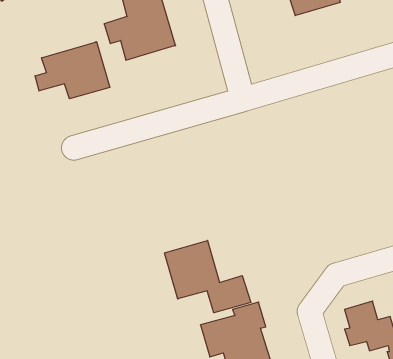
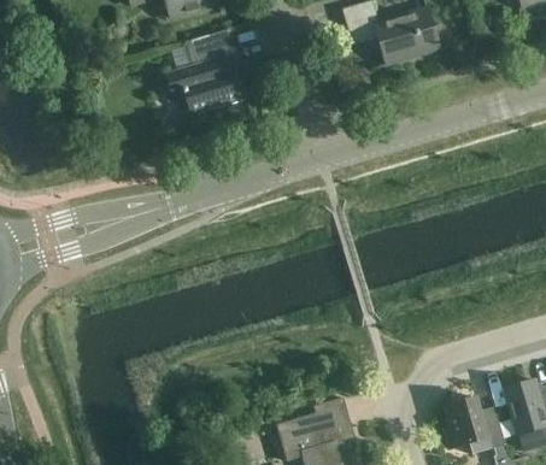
building: [35,42,110,99] -> none
building: [164,240,251,313] -> none

